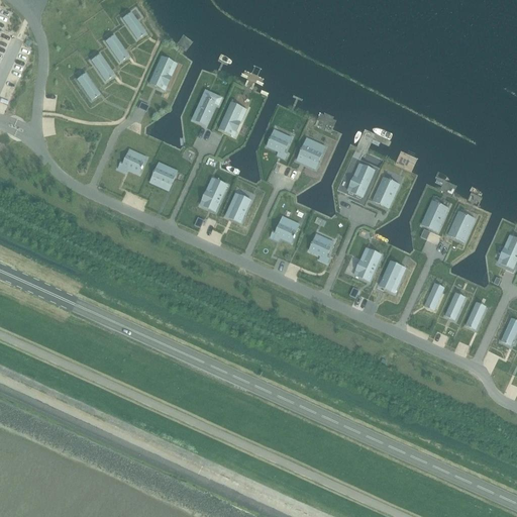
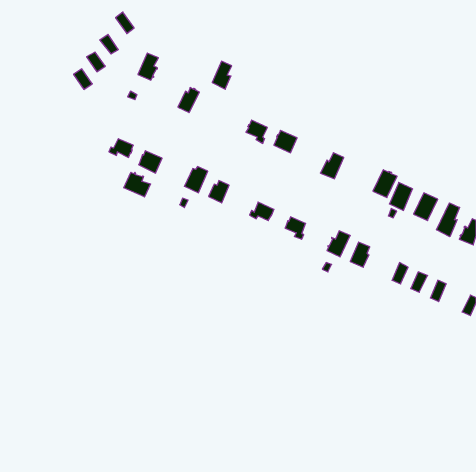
building: [220,103,241,133] -> [212,61,232,89]
building: [373,175,399,205] -> [373,170,397,198]
building: none -> [124,172,150,197]
building: none -> [437,203,460,237]

